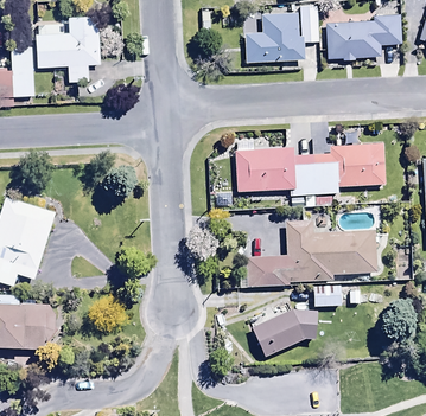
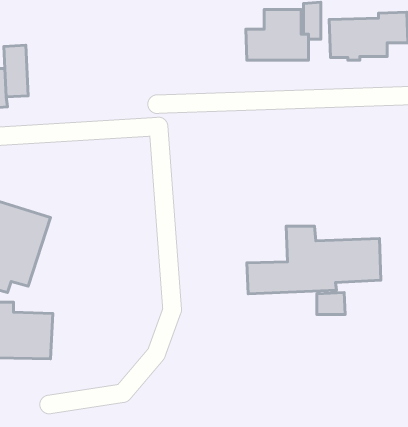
building: [37,17,101,81] -> none
building: [235,143,384,194] -> none
building: [252,308,319,359] -> none

